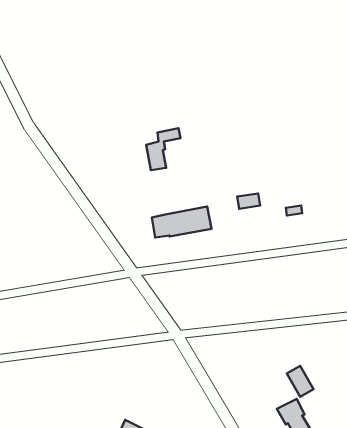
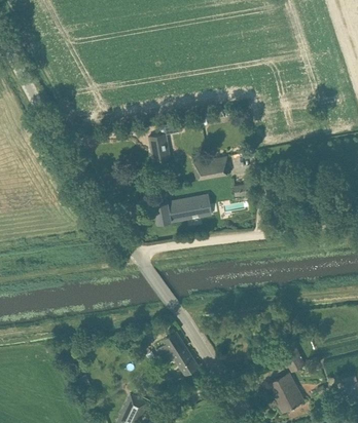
building: none -> [194,156,231,179]
building: none -> [159,333,199,376]

